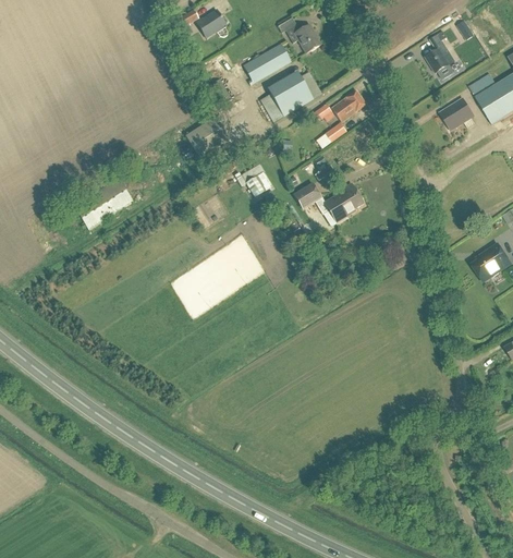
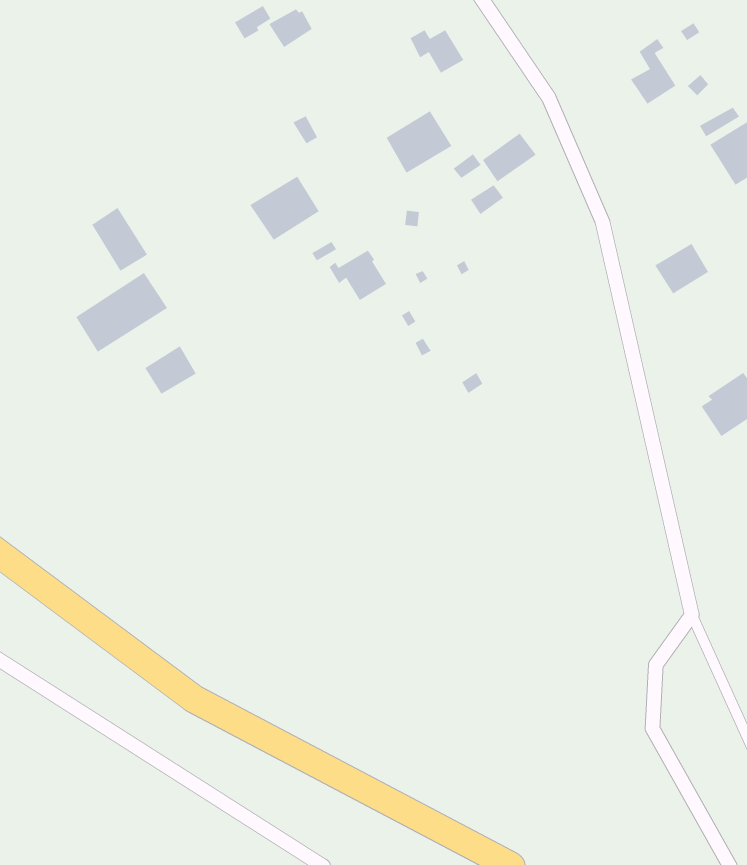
building: [243,43,291,83] -> none
building: [439,97,474,130] -> [654,243,709,295]
building: none -> [91,207,148,272]
building: [293,182,363,221] -> none
building: none -> [144,345,197,395]

